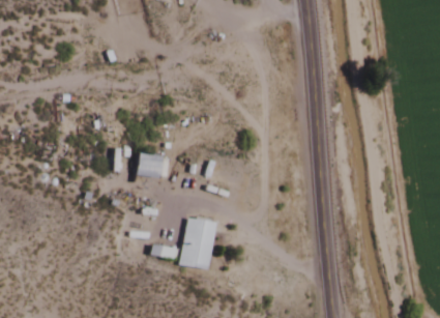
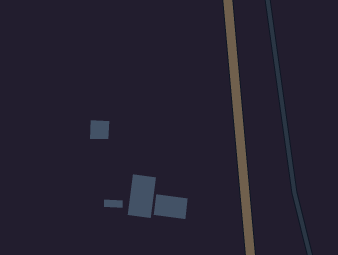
building: none -> [153,194,188,220]

